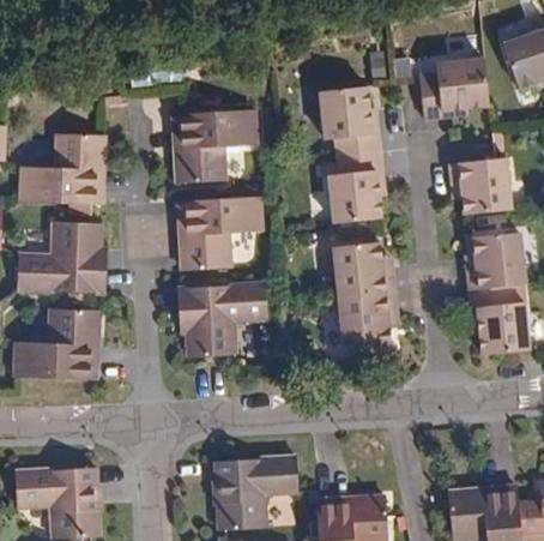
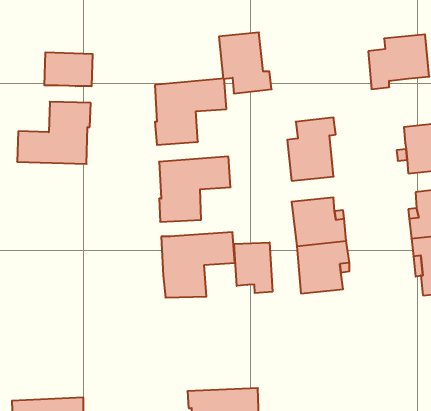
building: none -> [44,52,93,86]
building: [321,85,381,155] -> [219,32,272,93]
building: [18,221,101,291] -> none
building: none -> [234,242,272,293]
building: [14,307,97,378] -> none

